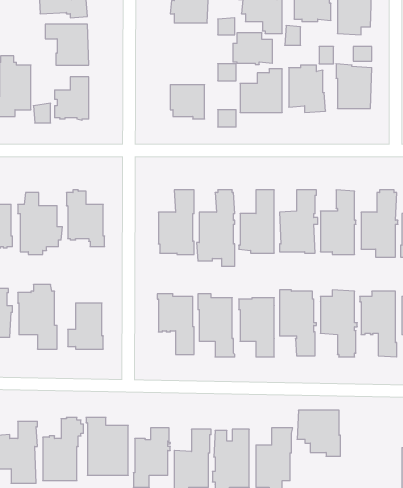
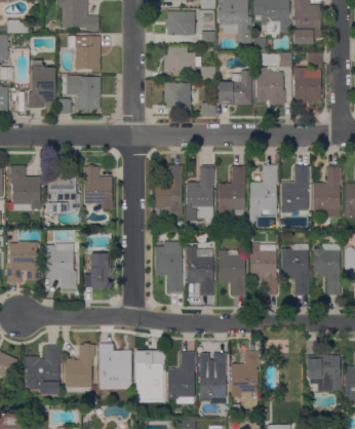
building: [233,33,272,64] -> [164,47,195,72]
building: [297,410,340,456] -> [307,355,341,391]

